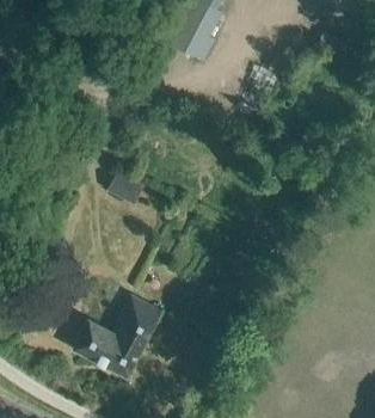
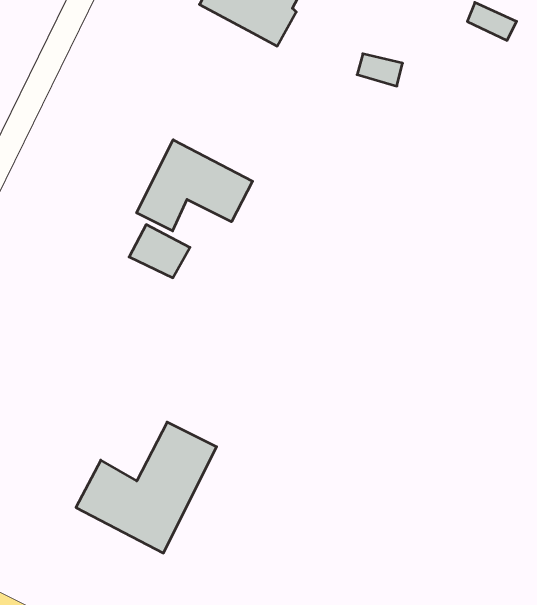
building: none -> [137,140,253,231]

